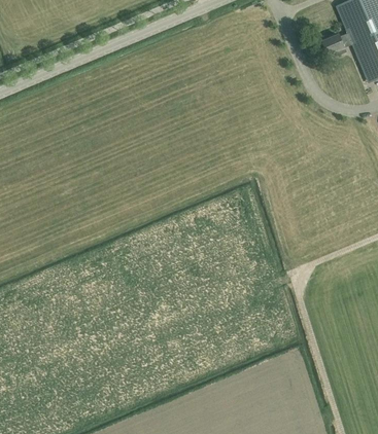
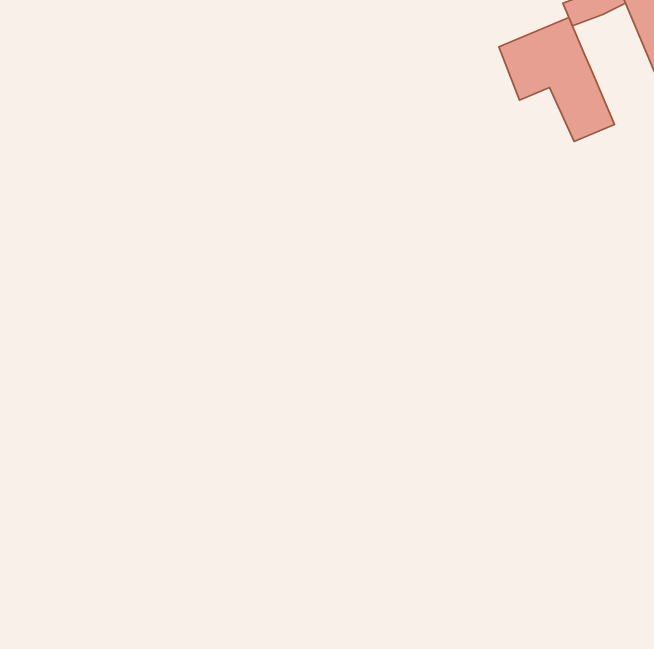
building: none -> [499,17,614,141]

